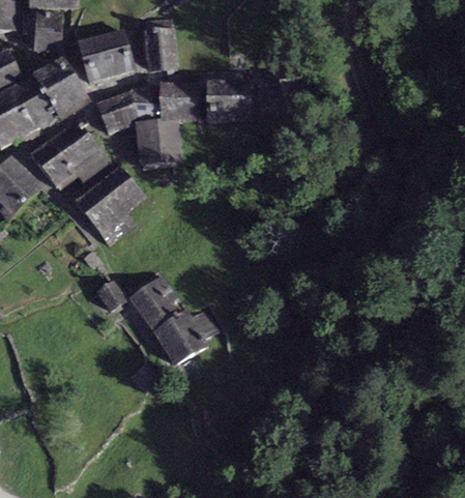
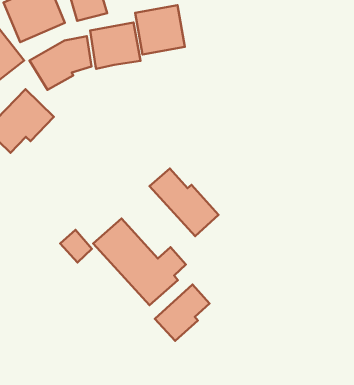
building: [134,118,182,166] -> none
building: [71,165,146,247] -> none
building: none -> [150,168,218,236]
building: none -> [155,284,210,341]

